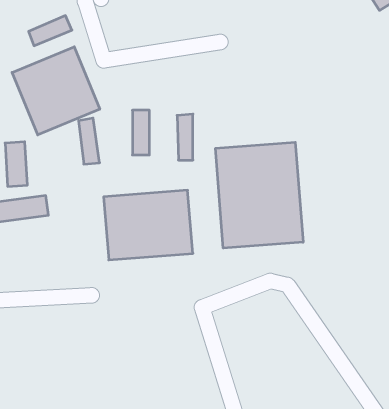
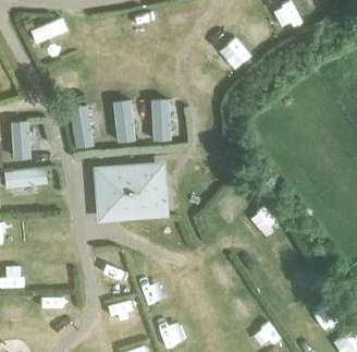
building: [12,47,100,135] -> none
building: [216,142,303,248] -> none

